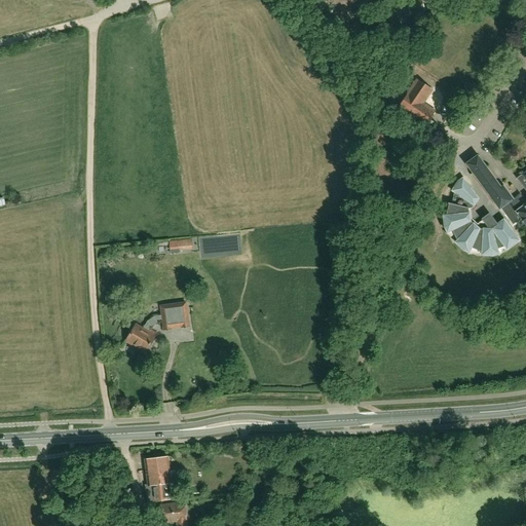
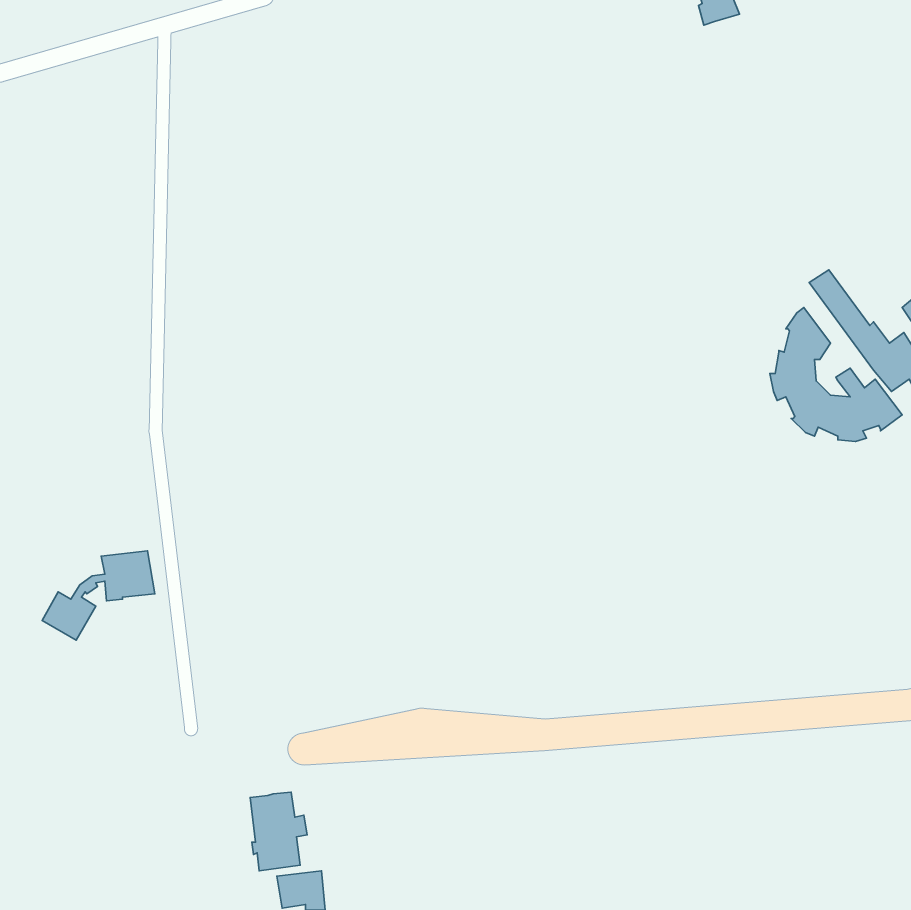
building: [399,79,435,124] -> none
building: [126,300,191,351] -> [42,551,155,640]

